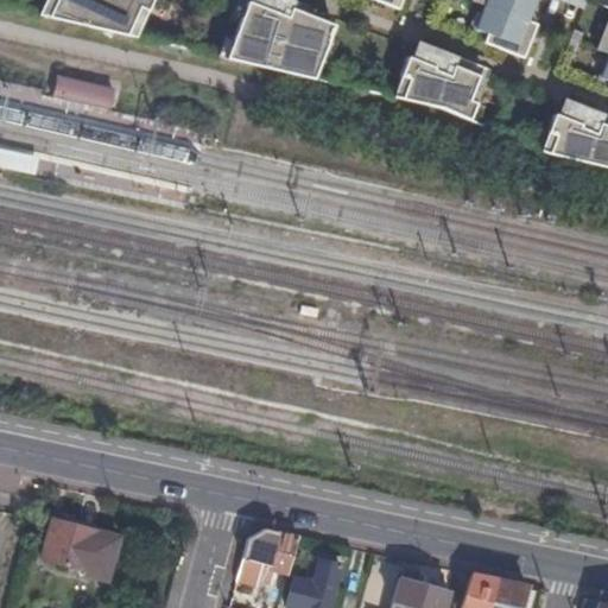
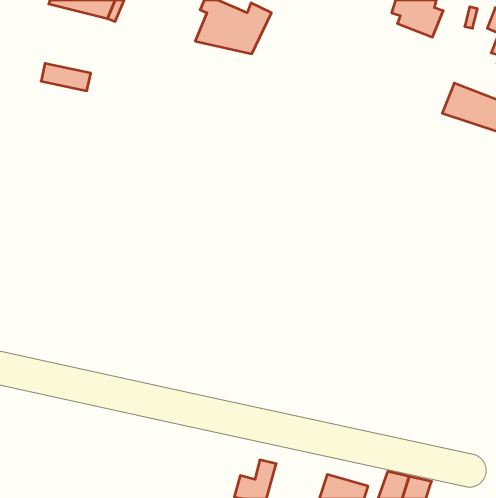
building: [388,37,479,106] -> none
building: [44,520,120,580] -> none
building: [240,531,299,581] -> none

